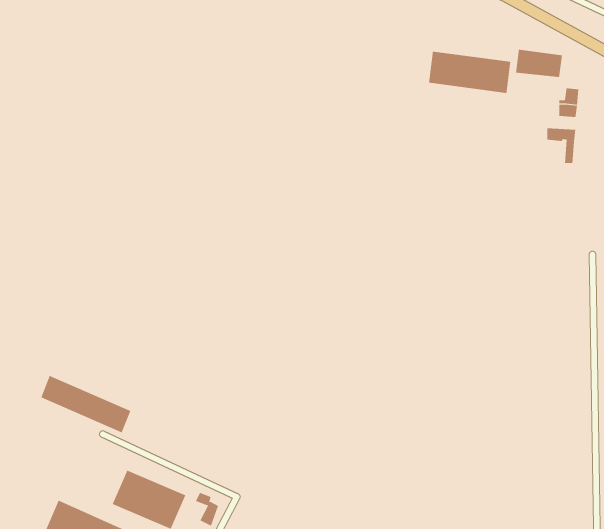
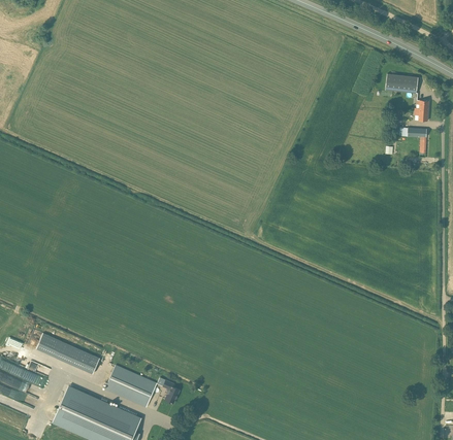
building: [428,51,511,94] -> none
building: [40,375,131,433] -> [36,333,99,373]

